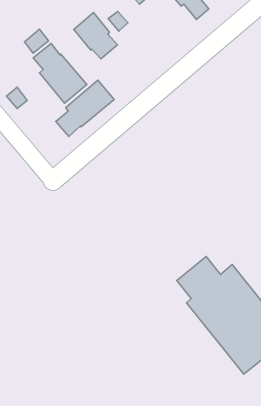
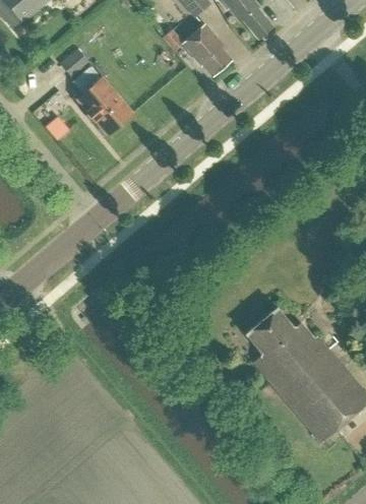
building: [74,13,118,59] -> [184,23,234,76]
building: [56,80,114,136] -> none

